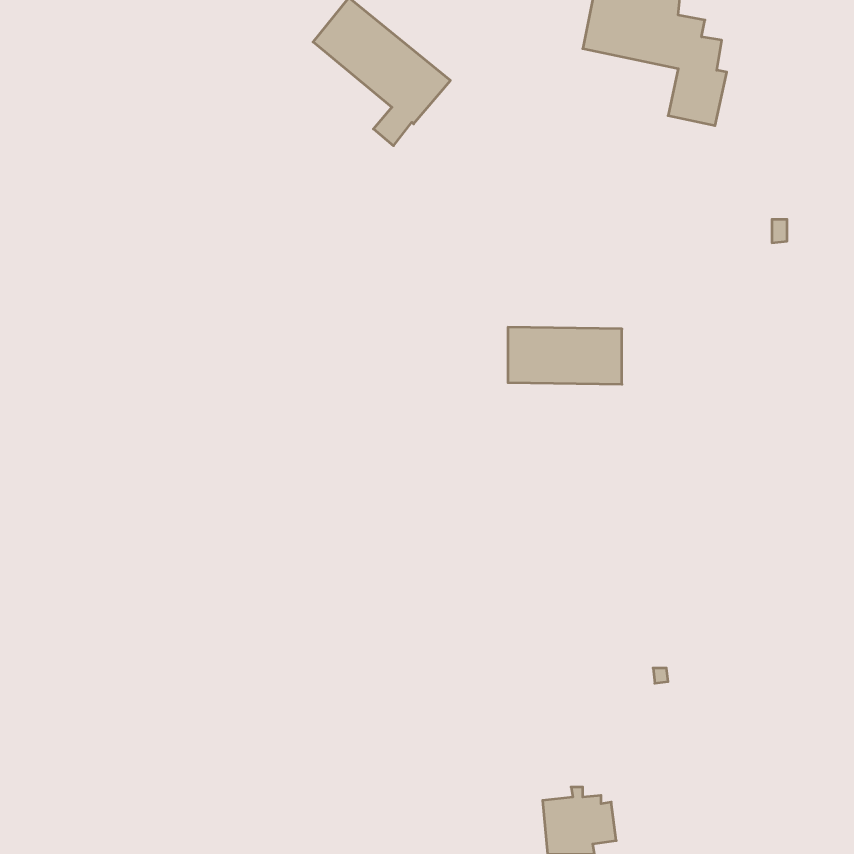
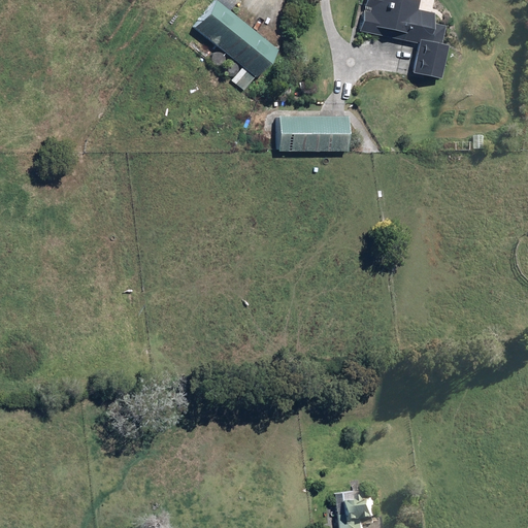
building: [508,327,622,384] -> [278,116,349,151]

